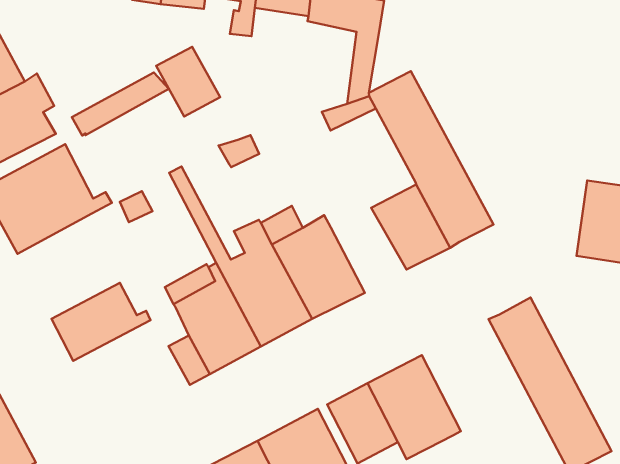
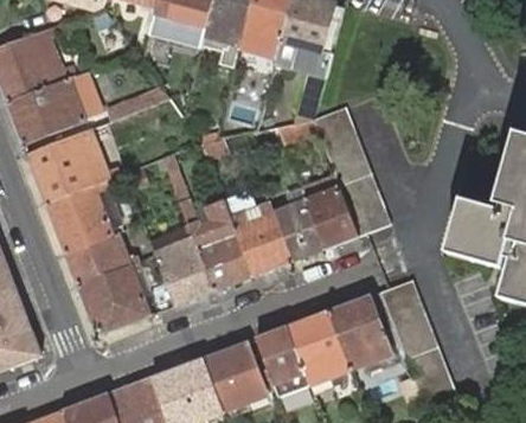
building: [156,47,220,116] -> none
building: none -> [274,200,325,261]
building: none -> [46,180,122,252]
building: none -> [77,262,149,332]
building: none -> [328,295,392,368]

